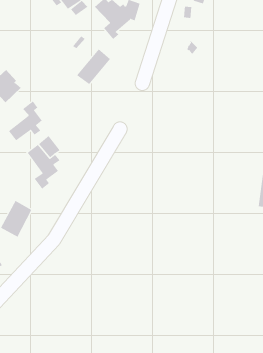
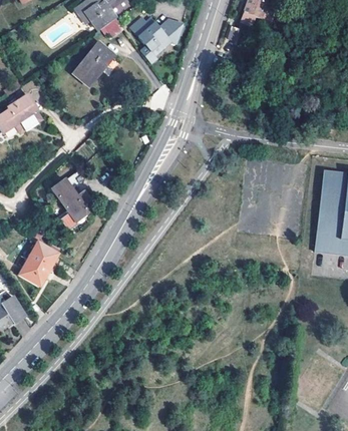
building: [76,48,111,85] -> [73,44,112,85]
building: [8,100,43,141] -> none

